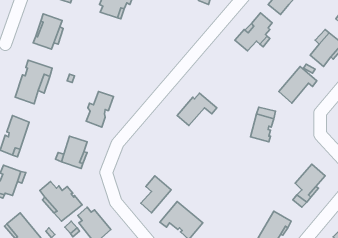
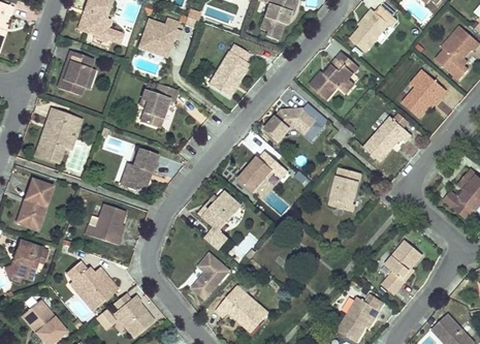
building: none -> [209,43,250,96]
building: none -> [139,83,179,126]
building: none -> [264,102,328,142]
building: none -> [198,190,241,249]

